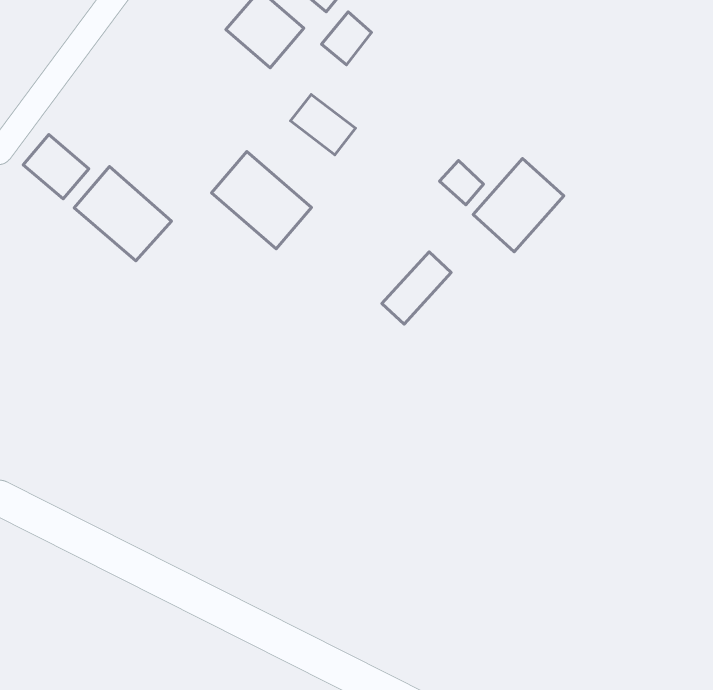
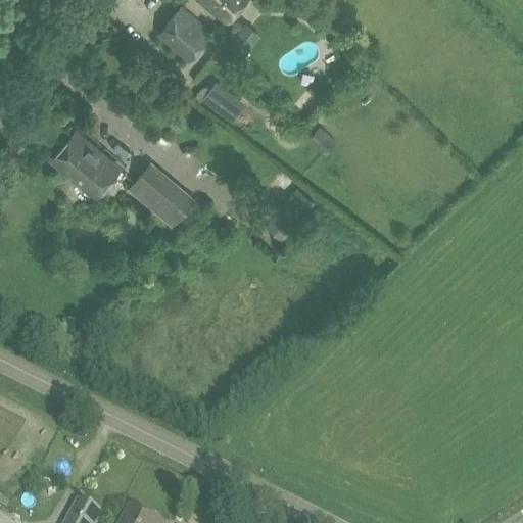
building: [23,134,89,199] -> none
building: [211,152,312,249] -> [127,162,196,230]
building: [473,159,564,252] -> none

